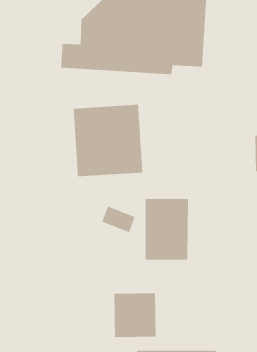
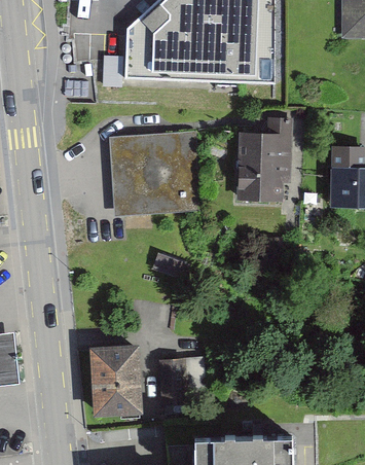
building: [145,198,189,260] -> [234,133,288,208]
building: none -> [89,343,151,420]

